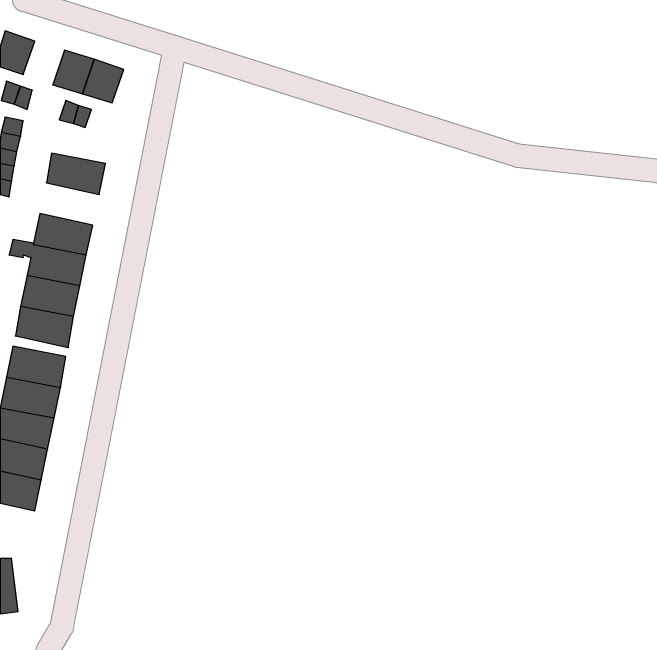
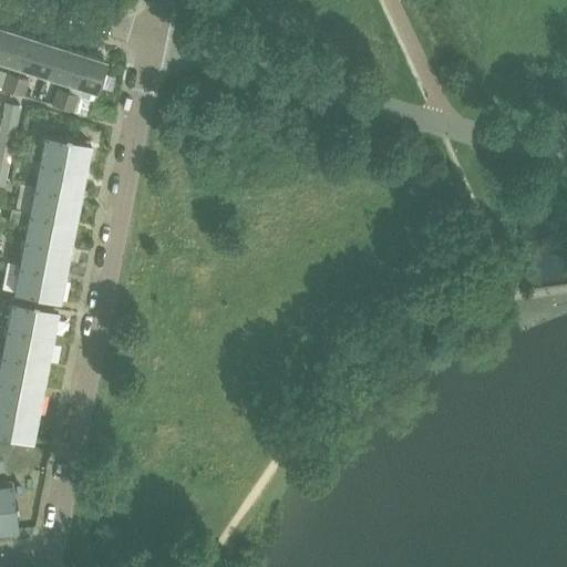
building: none -> [21,42,56,80]
building: none -> [35,164,86,200]

